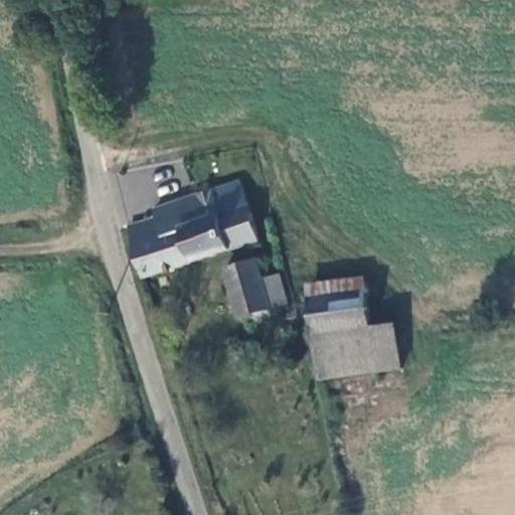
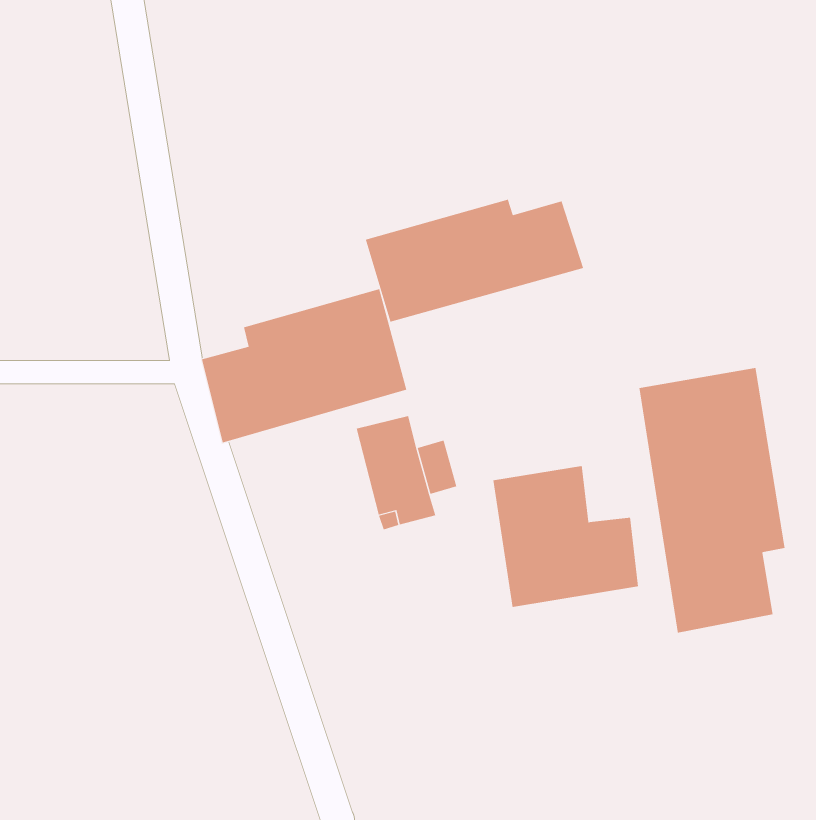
building: none -> [365,199,584,323]
building: none -> [639,367,785,634]

